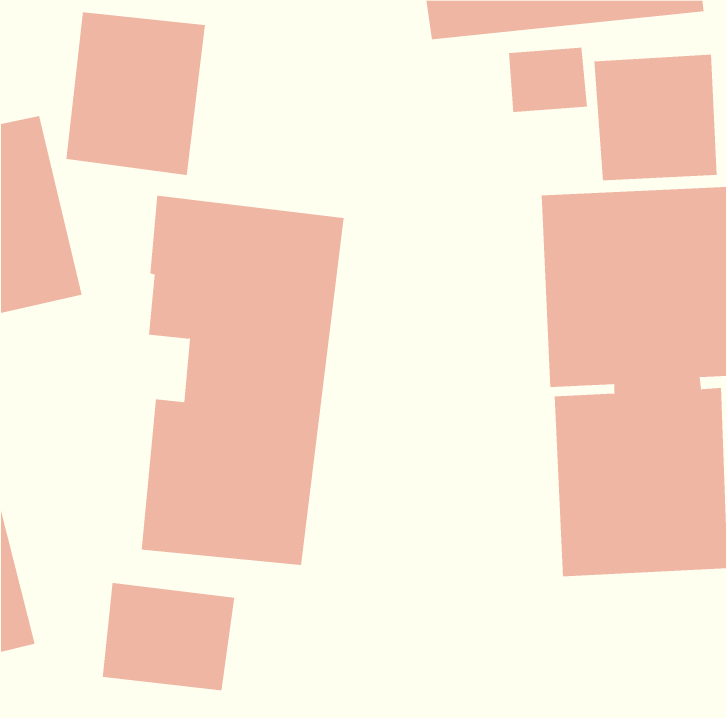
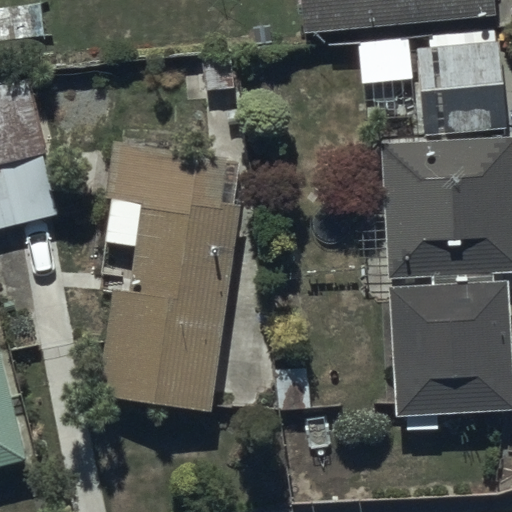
building: [66,12,206,176] -> none
building: [102,582,235,691] -> none

